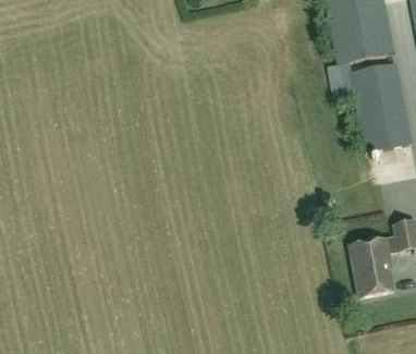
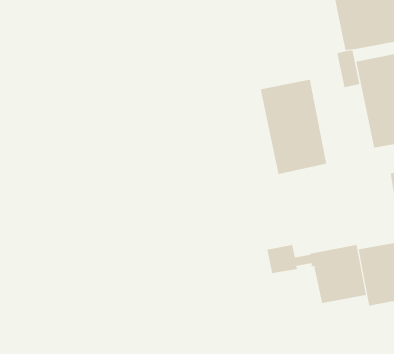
building: none -> [260,79,327,175]
building: none -> [267,244,367,304]

